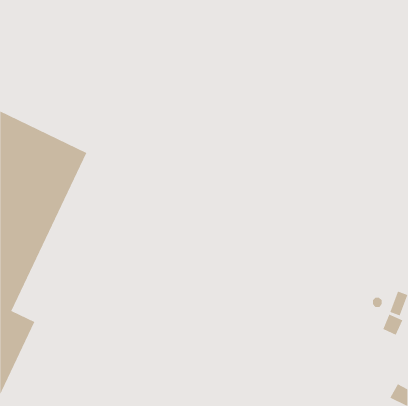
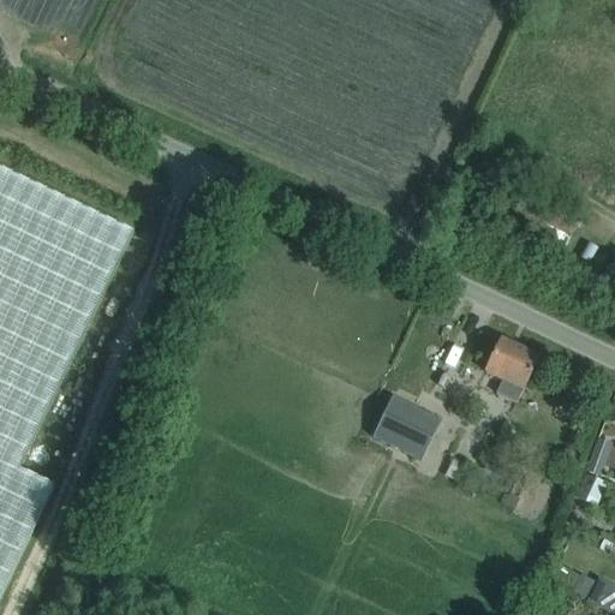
building: none -> [484,335,537,400]
building: none -> [375,395,441,456]

